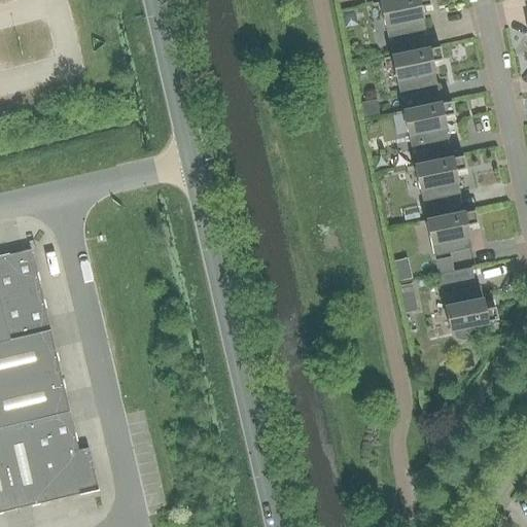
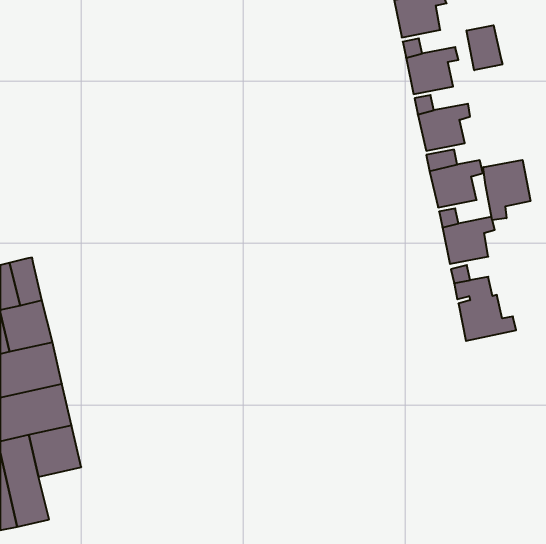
building: none -> [467,25,502,70]
building: none -> [483,160,530,220]
building: [37,450,99,500] -> none

